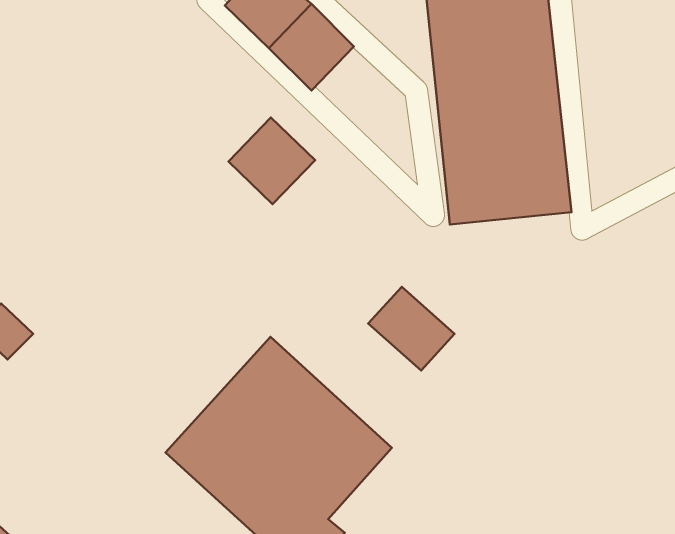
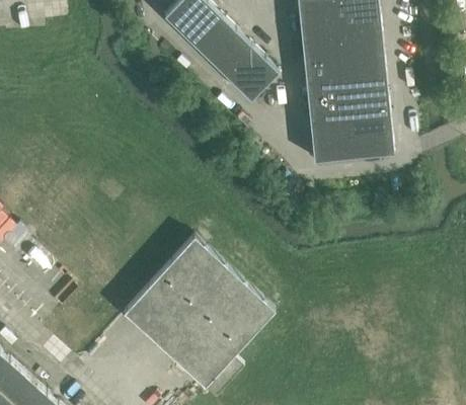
building: [228,118,315,204] -> [222,44,280,101]
building: [368,287,454,370] -> none

